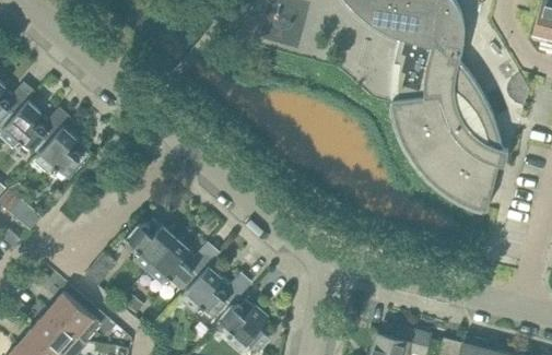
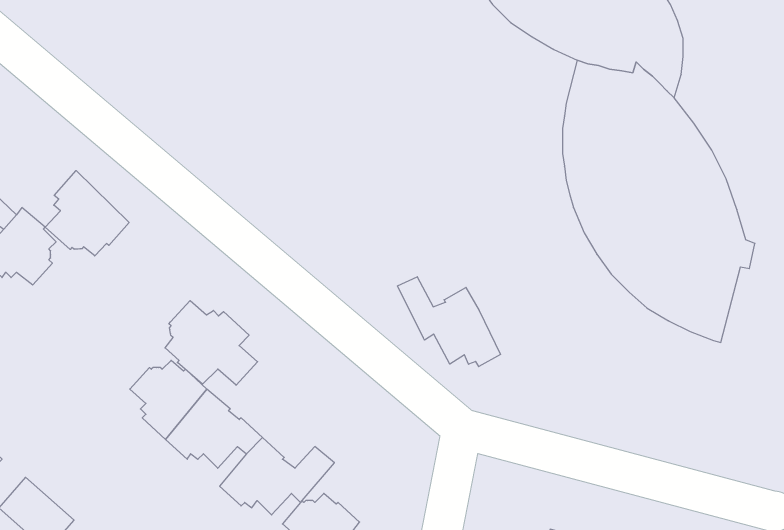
building: none -> [45,171,129,256]
building: none -> [397,277,501,367]
building: none -> [165,301,258,385]

